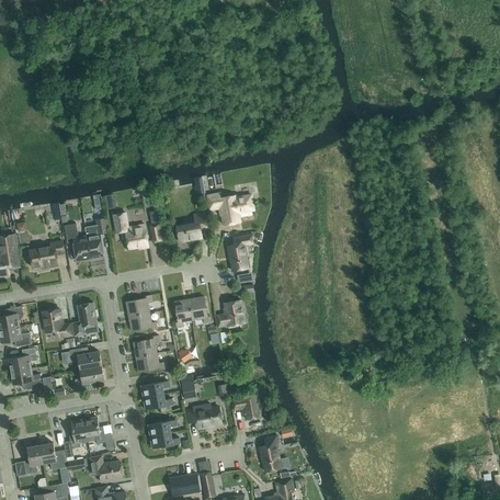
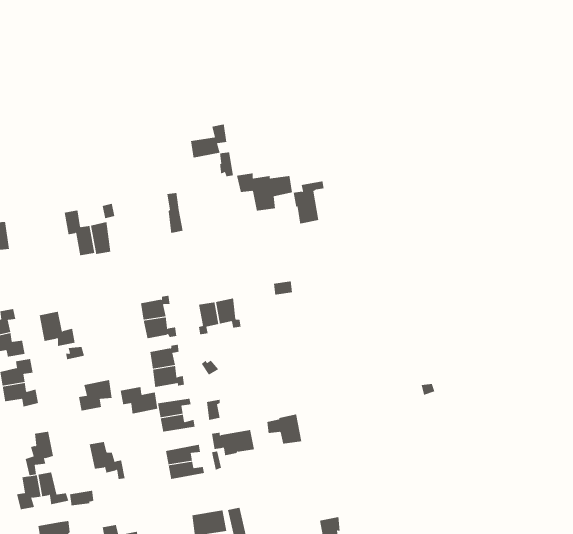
building: [112,213,147,248] -> none
building: [177,213,207,241] -> [190,124,227,158]
building: [226,235,252,271] -> [293,181,325,224]
building: [29,241,64,269] -> none
building: [216,299,245,327] -> none
building: [72,303,98,336] -> none
building: [69,346,101,370] -> [120,387,158,414]
building: [64,419,88,456] -> [25,431,54,476]
building: [259,435,281,471] -> none
building: [89,455,122,481] -> none

